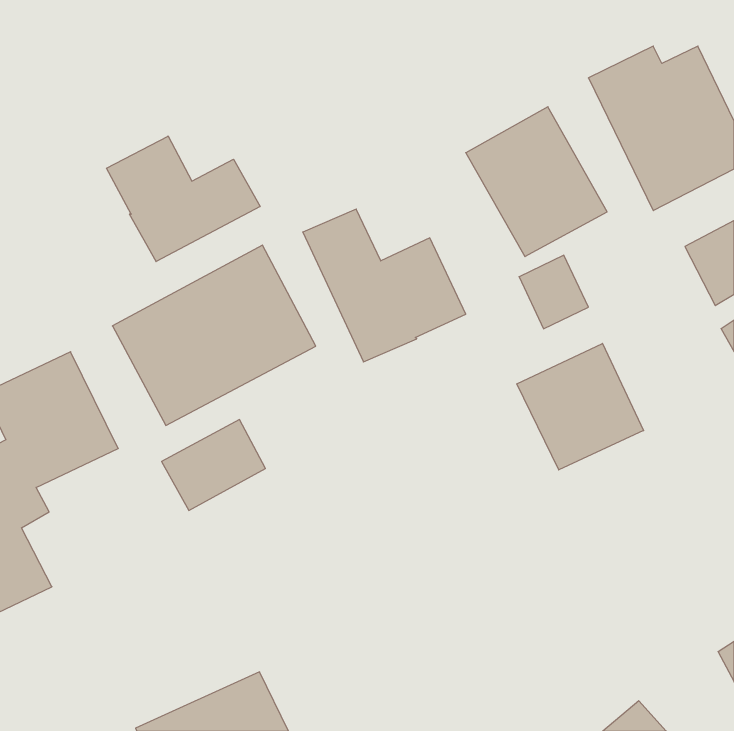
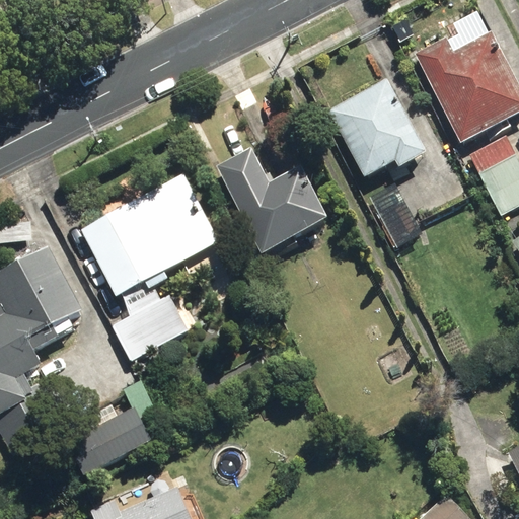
building: [107,136,260,262] -> none
building: [517,343,644,470] -> none
building: none -> [70,410,152,473]

